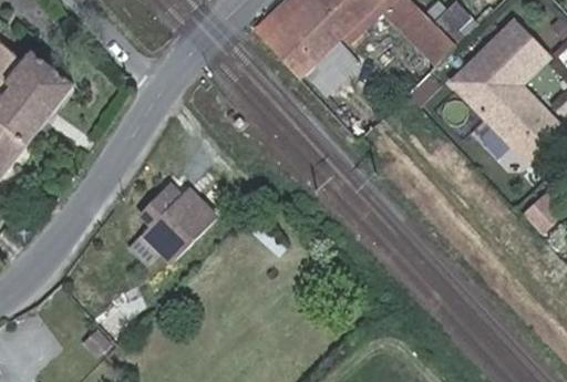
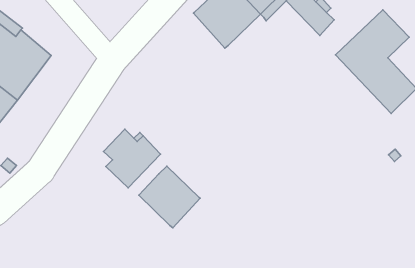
building: none -> [139,166,200,228]

